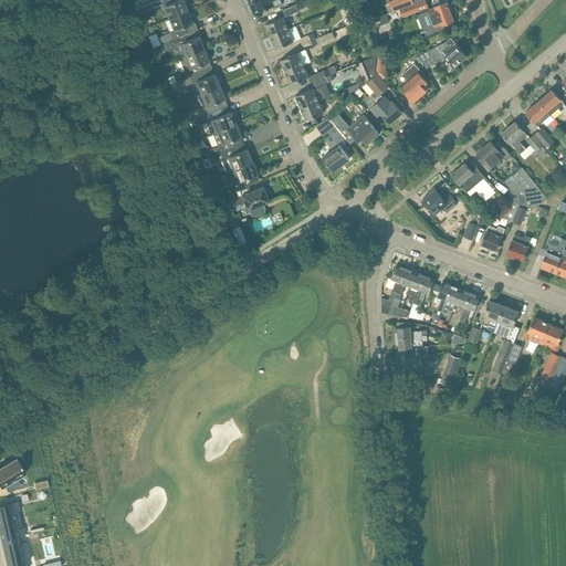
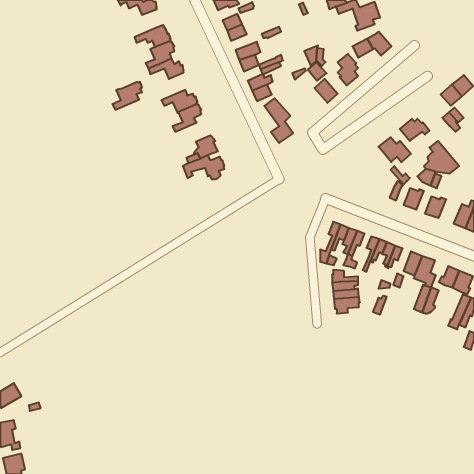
building: [157,11,192,44] -> none
building: [189,86,224,119] -> [112,82,142,110]
building: [329,114,379,145] -> none
building: [502,122,531,158] -> none
building: [209,146,251,172] -> none
building: [422,181,461,214] -> none

